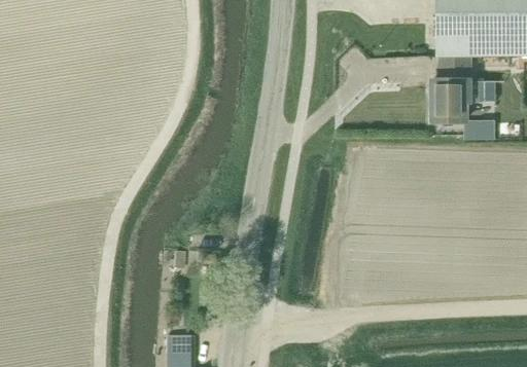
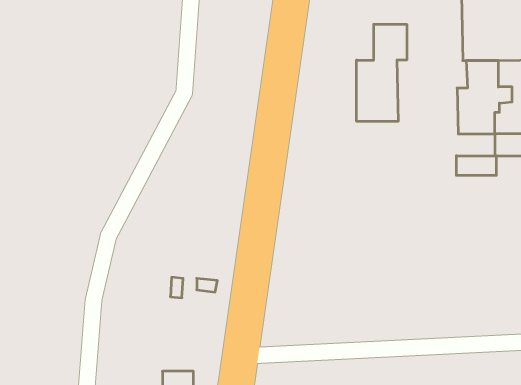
building: none -> [357,24,407,121]
building: none -> [456,156,496,175]

